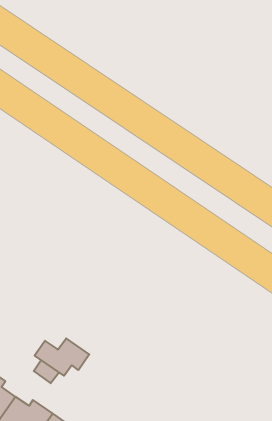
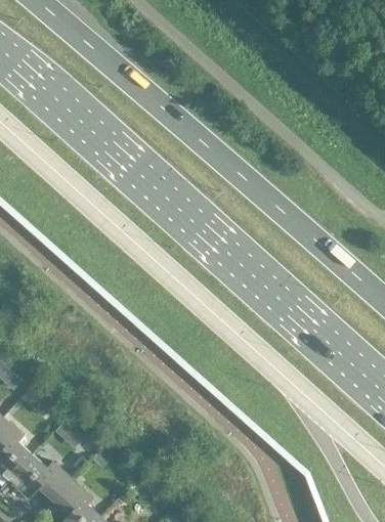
building: [35,338,89,376] -> none

